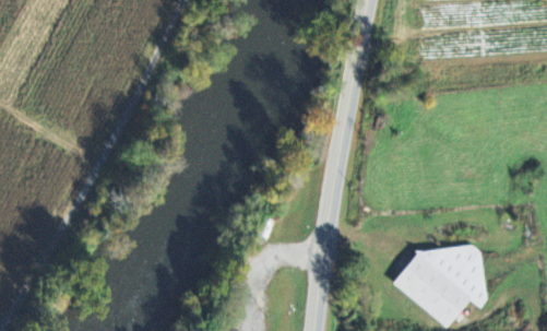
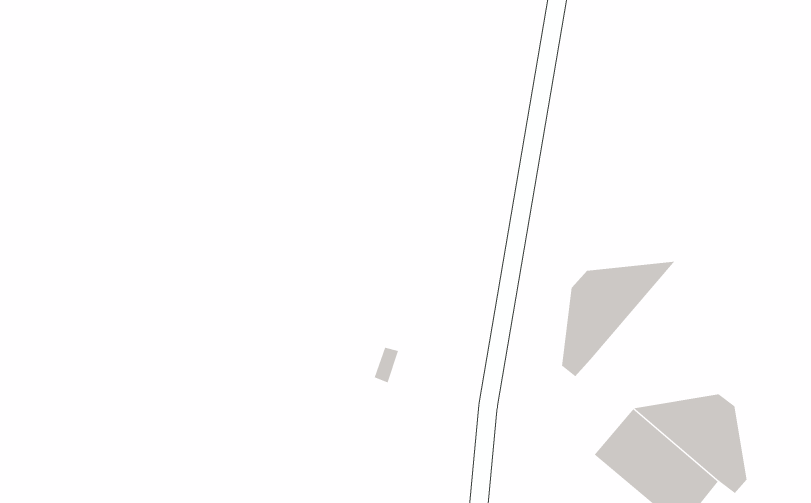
building: none -> [562,261,675,377]

